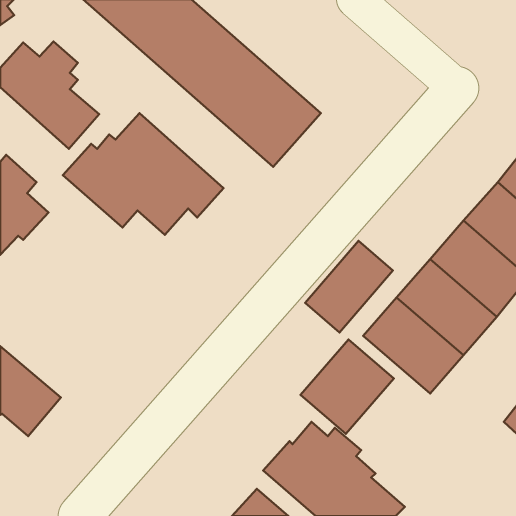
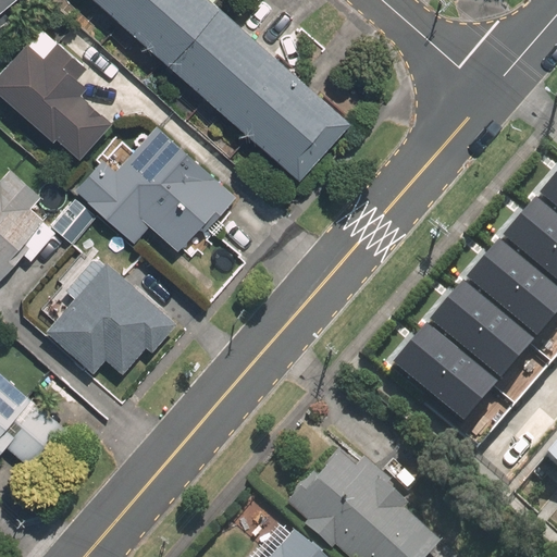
building: none -> [45,256,180,370]
building: [305,241,393,332] -> none
building: [301,339,394,434] -> none

